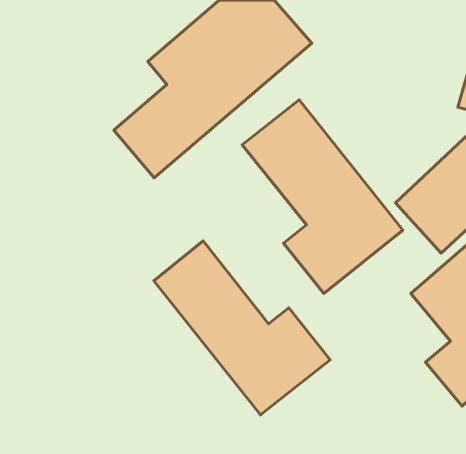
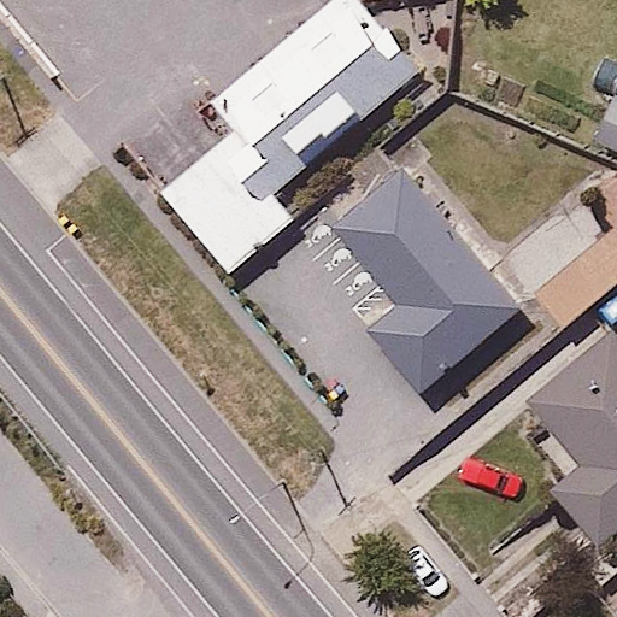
building: [154,241,330,415] -> none

